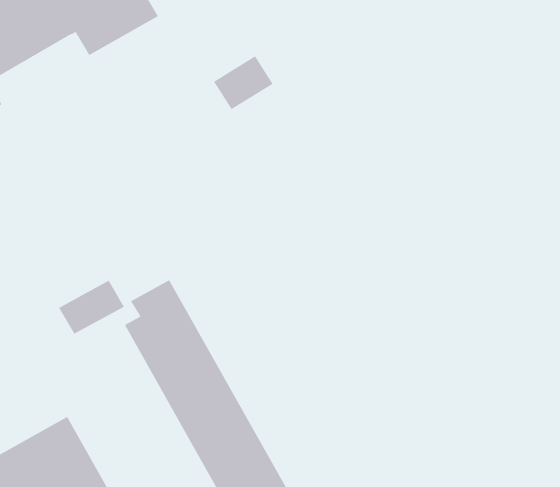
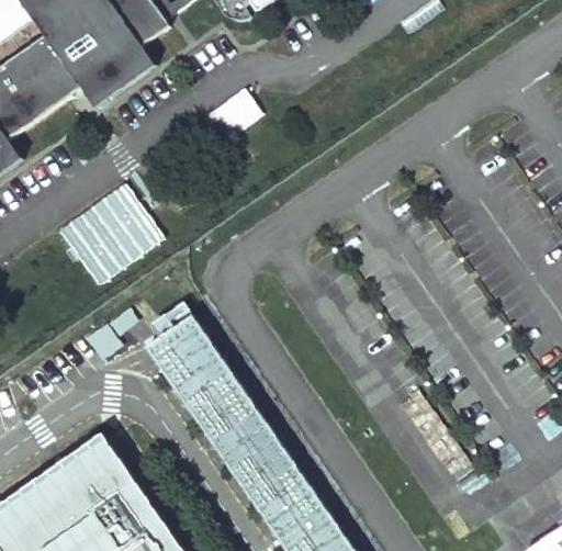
building: none -> [55,178,167,283]

